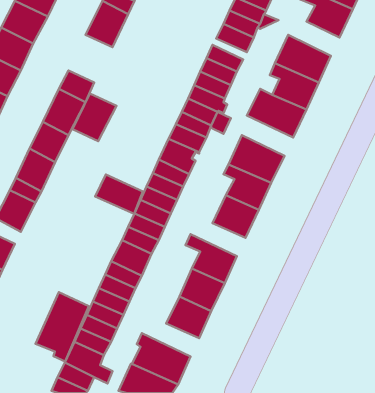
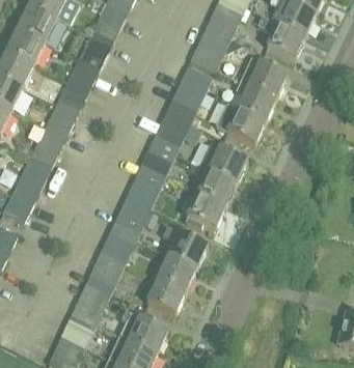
building: [73,94,117,141] -> [63,57,101,97]
building: [95,175,143,214] -> none
building: [35,292,89,362] -> none

